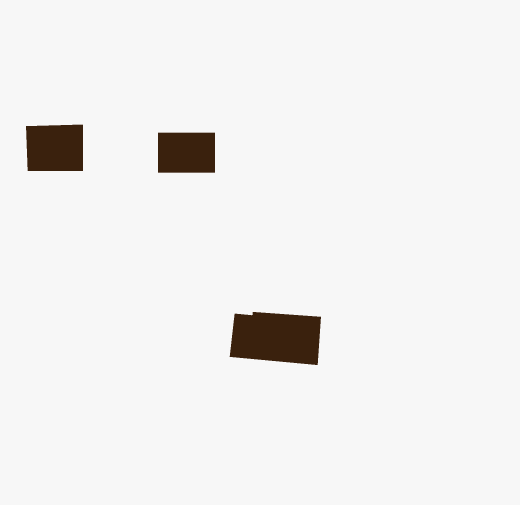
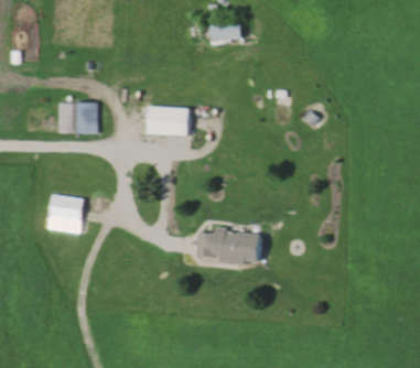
building: none -> [211,23,241,40]
building: none -> [47,194,83,232]

